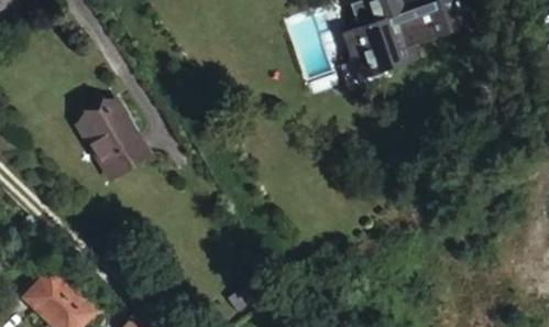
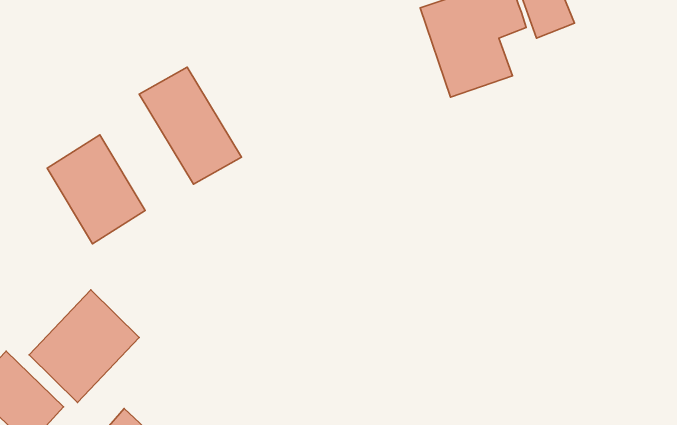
building: none -> [139,67,241,184]
building: none -> [29,290,139,403]

